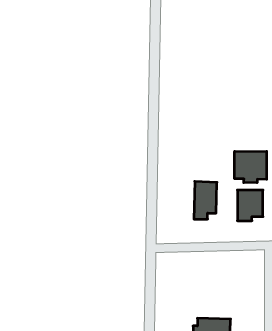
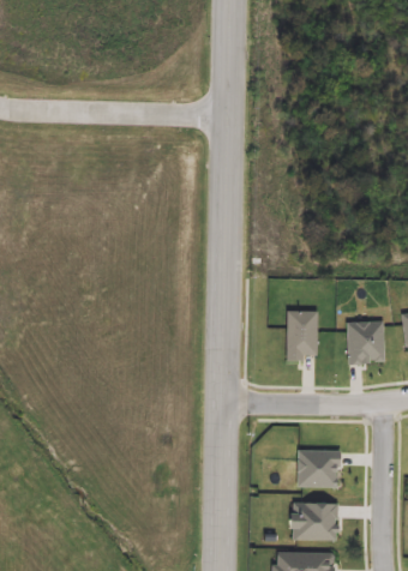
building: [235,151,267,183] -> none
building: none -> [298,451,341,489]

